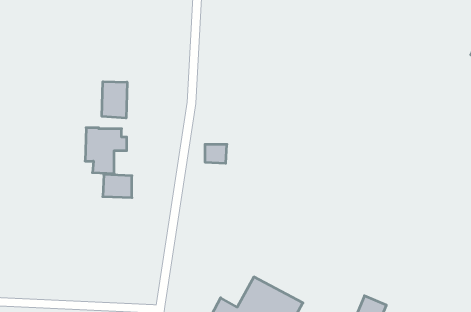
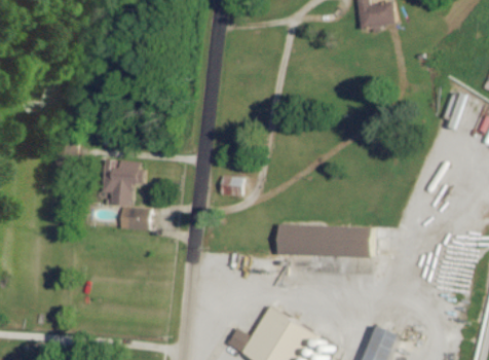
building: [102,82,127,118] -> none
building: none -> [277,224,372,257]

